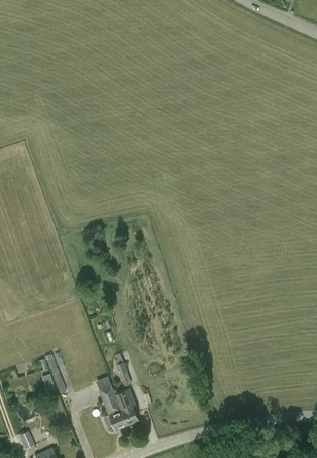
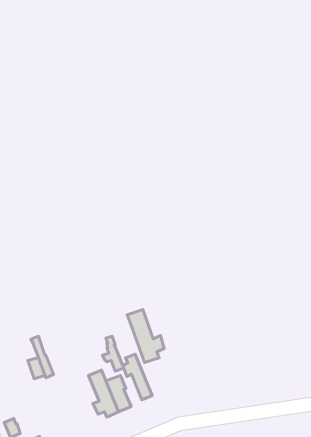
building: none -> [127,309,164,363]
building: none -> [123,354,152,400]

